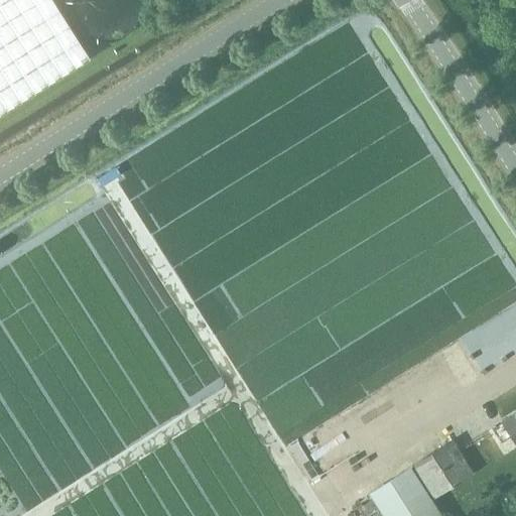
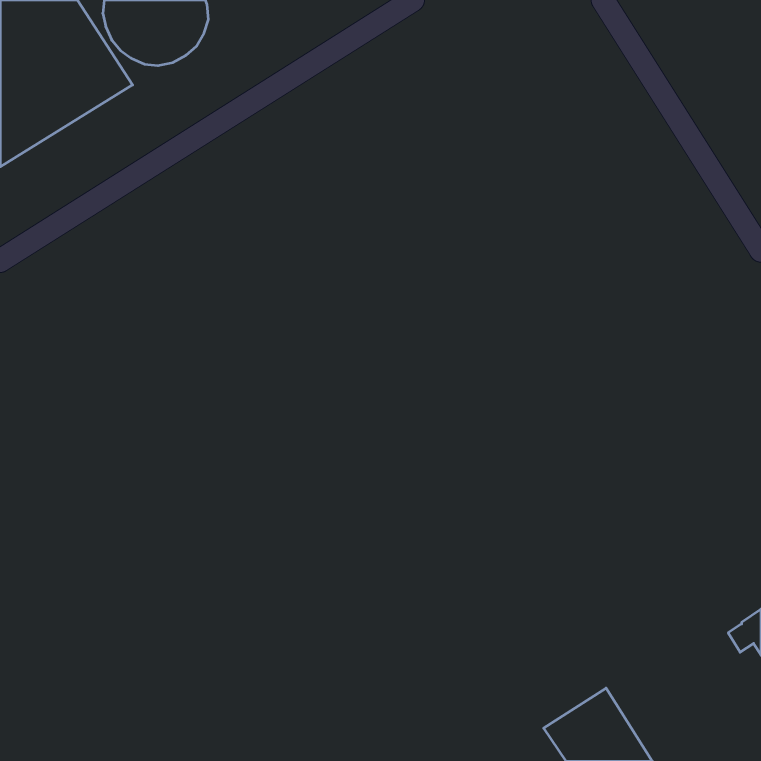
building: [412,440,473,498] -> none

